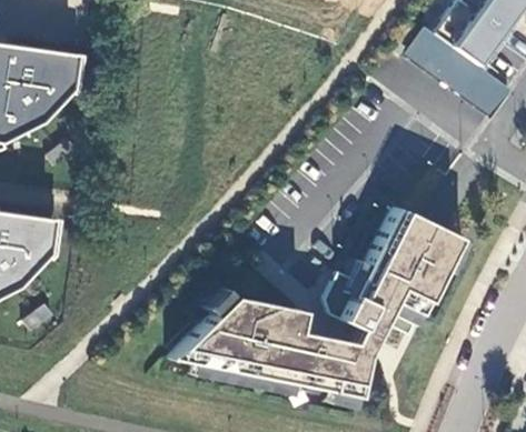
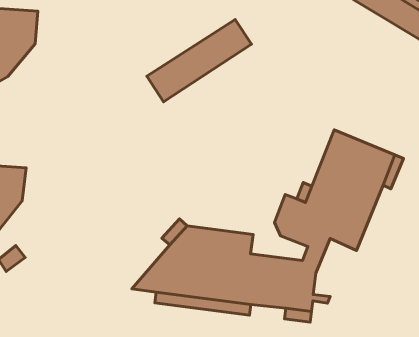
building: none -> [147,20,252,102]

